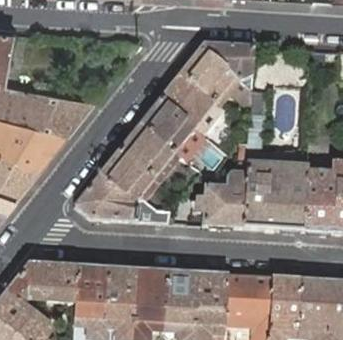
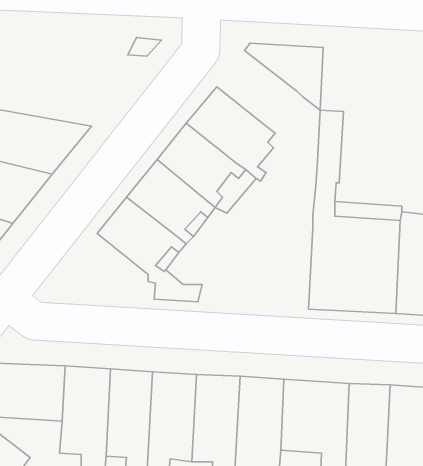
building: [180,50,251,110] -> none
building: [196,143,248,228] -> none
building: [75,176,138,221] -> none

